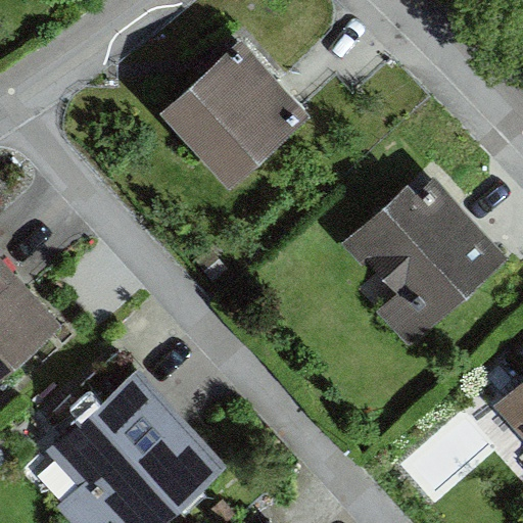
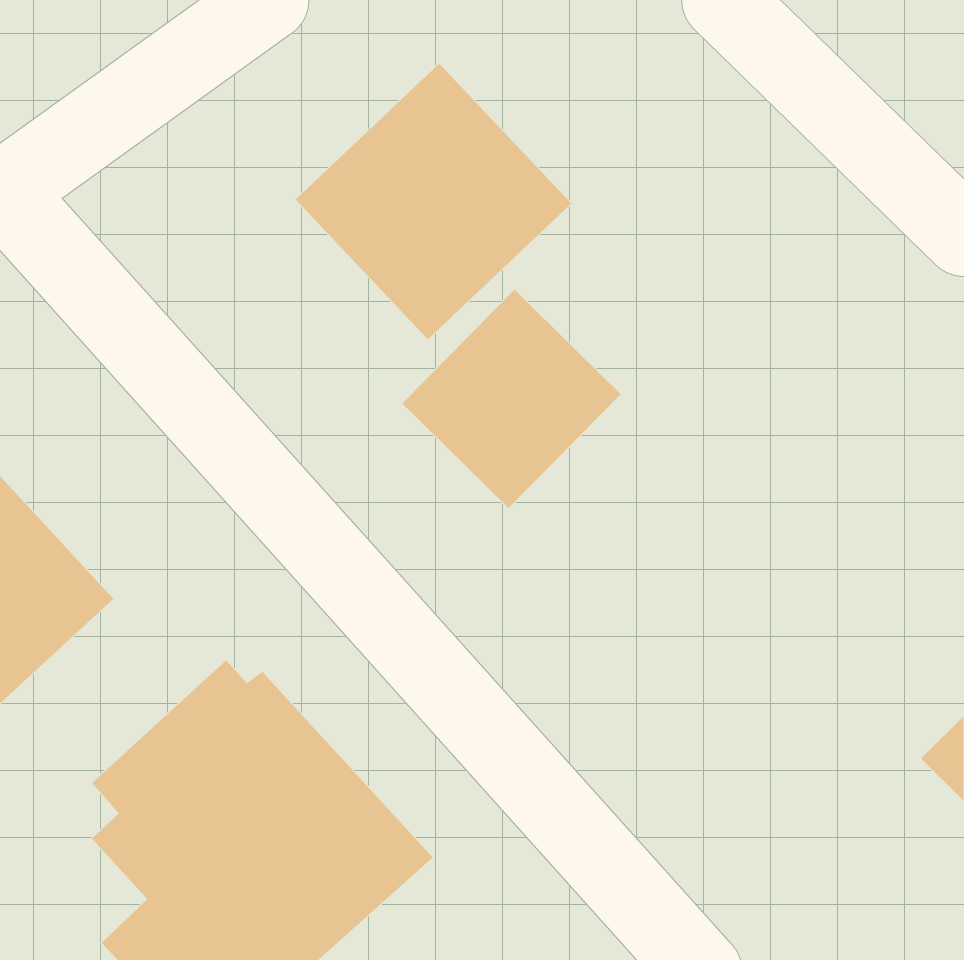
building: none -> [402,289,621,509]
building: [342,182,513,358] -> none

